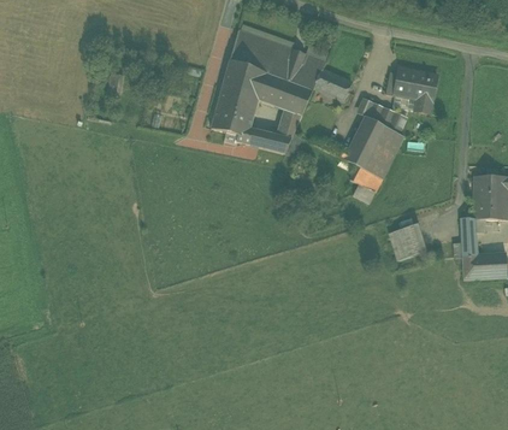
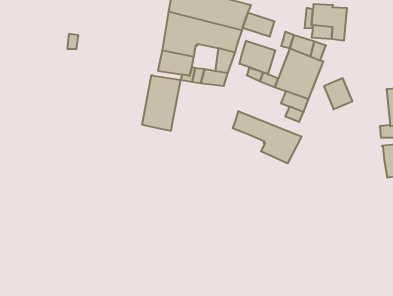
building: none -> [239,41,275,74]
building: none -> [142,75,181,131]
building: none -> [233,111,301,163]
building: [390,223,421,258] -> [324,78,352,109]

